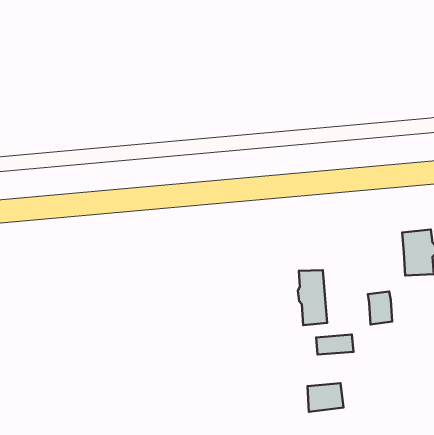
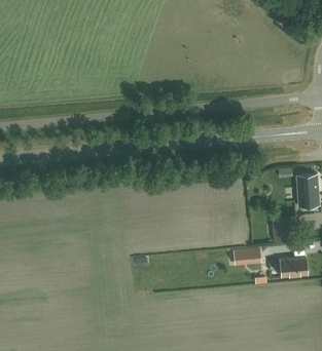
building: [298,270,327,325] -> none
building: [307,383,343,412] -> [281,256,307,276]

